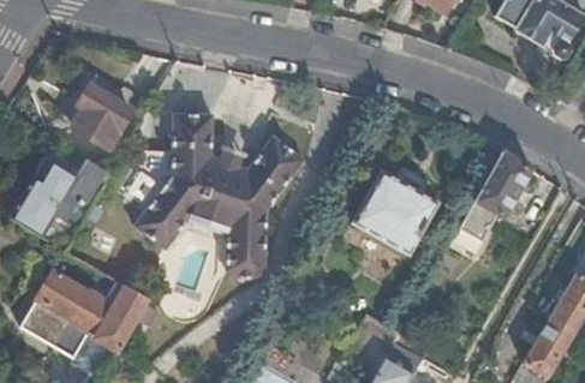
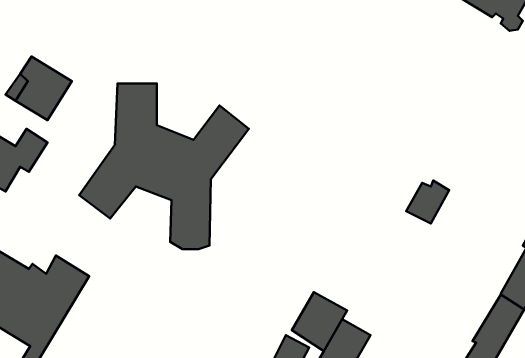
building: [473,152,535,219] -> none
building: [353,170,438,256] -> none

